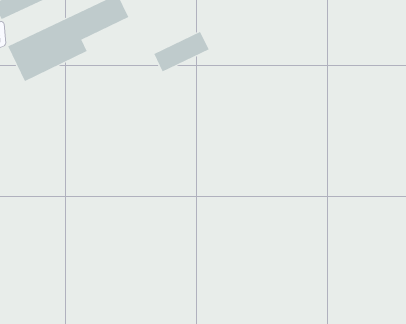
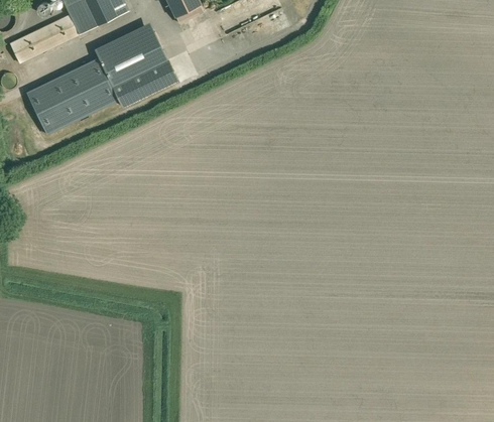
building: [154,31,209,72] -> [112,58,176,106]

